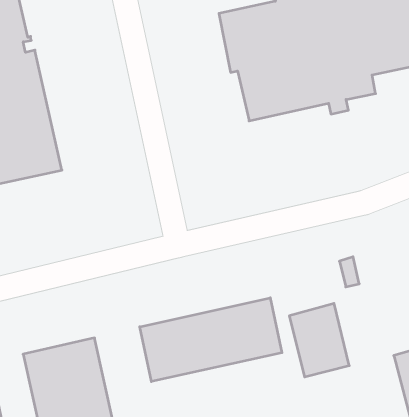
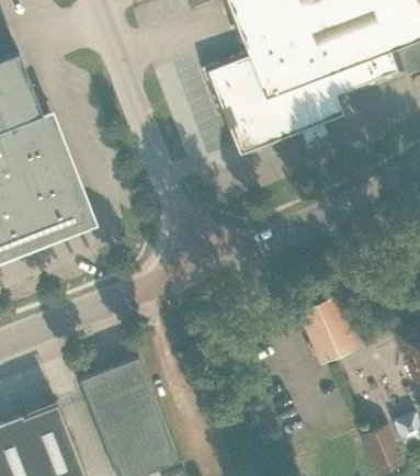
building: [140,298,282,382] -> none

